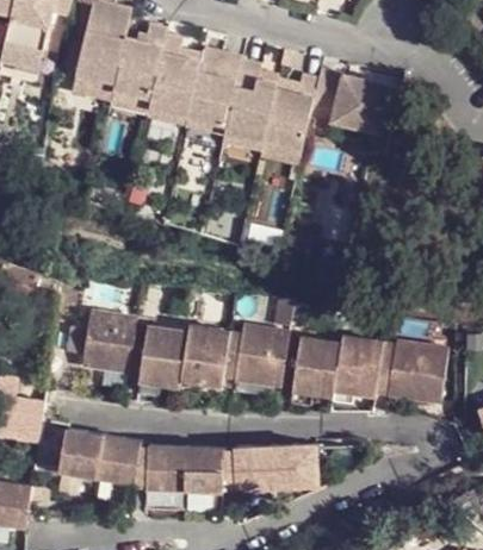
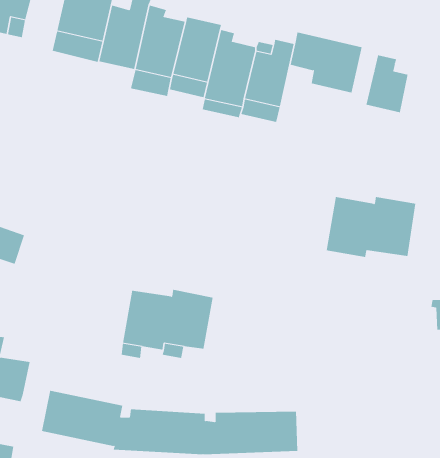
building: none -> [366,55,408,113]
building: [82,308,138,370] -> none
building: [236,327,291,388] -> none
building: [293,339,385,401] -> [326,197,416,258]
building: [383,345,445,408] -> none

